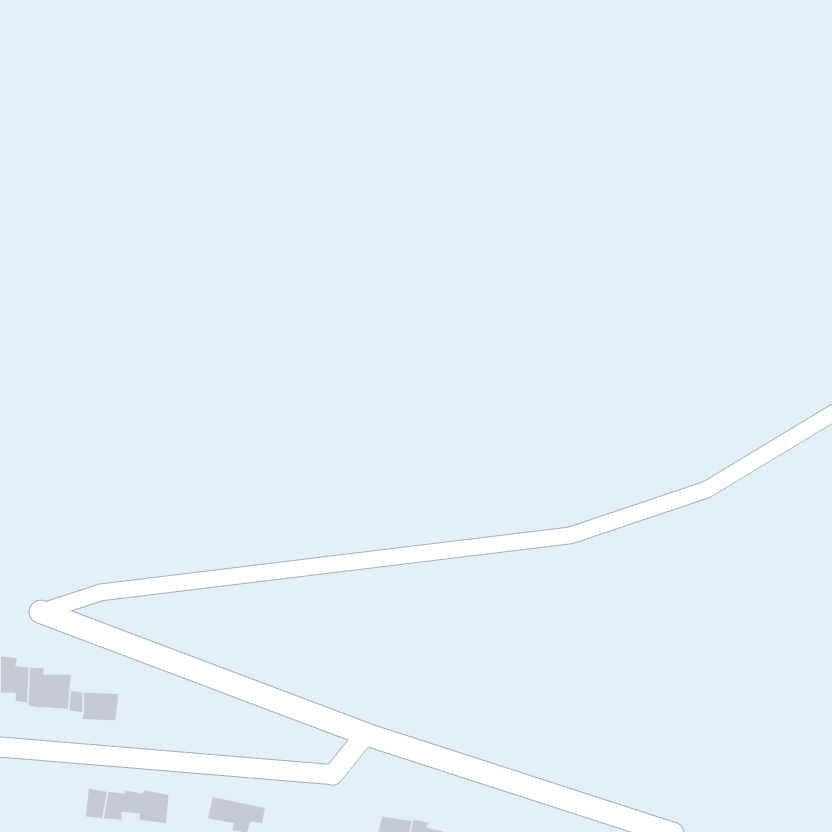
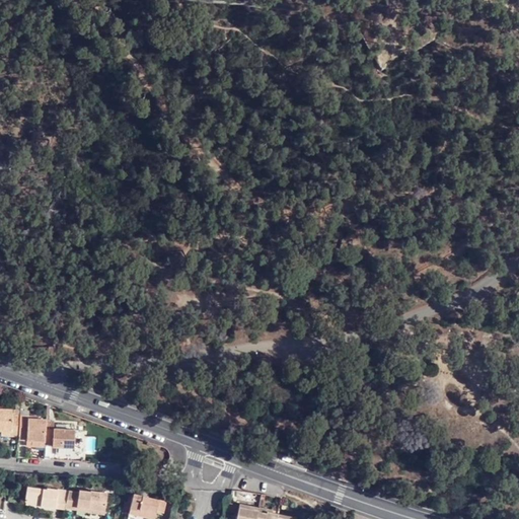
building: none -> [24,489,56,510]

